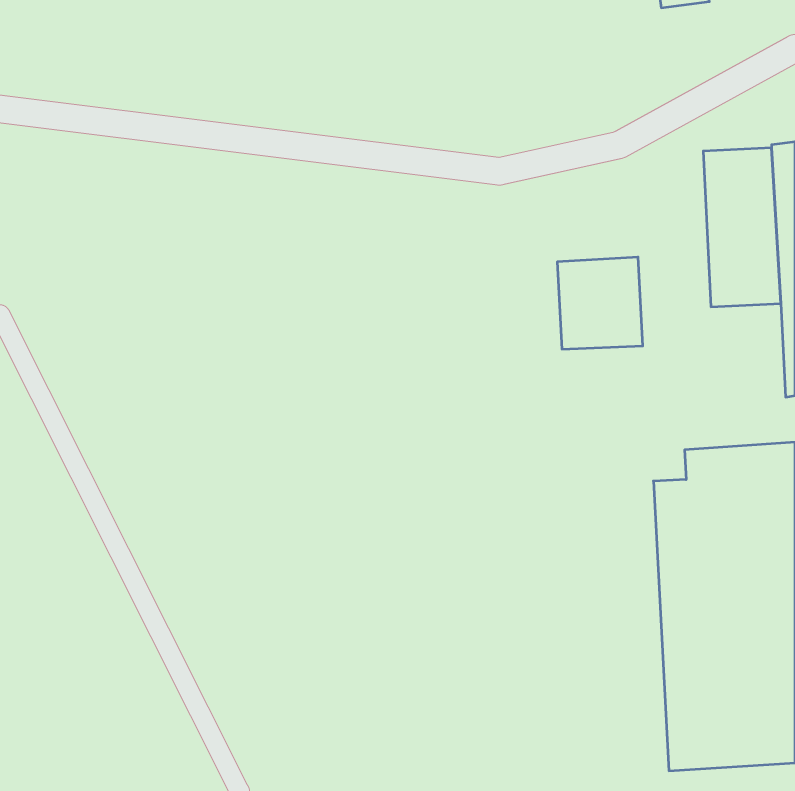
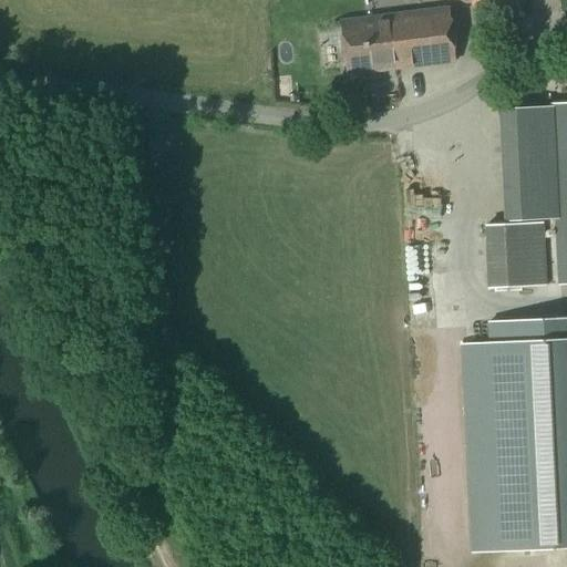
building: none -> [340,8,454,71]
building: [557,257,643,349] -> [485,220,546,286]

